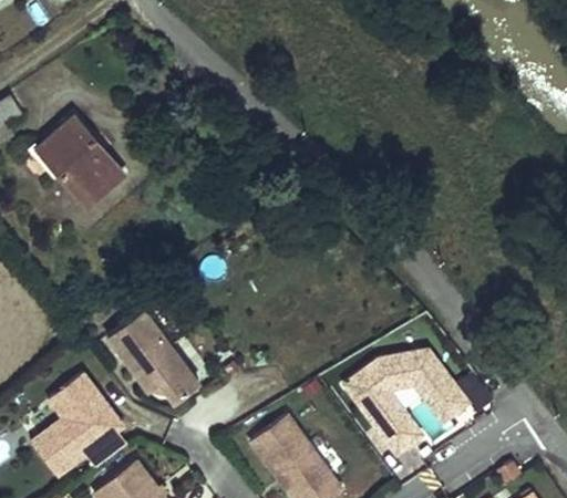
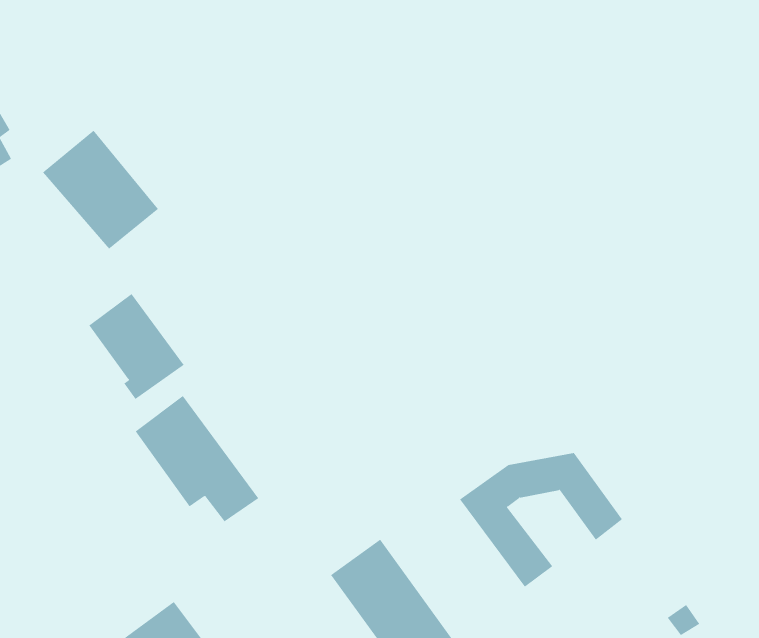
building: none -> [88,293,185,400]
building: [32,371,128,475] -> none
building: [380,378,467,455] -> none

